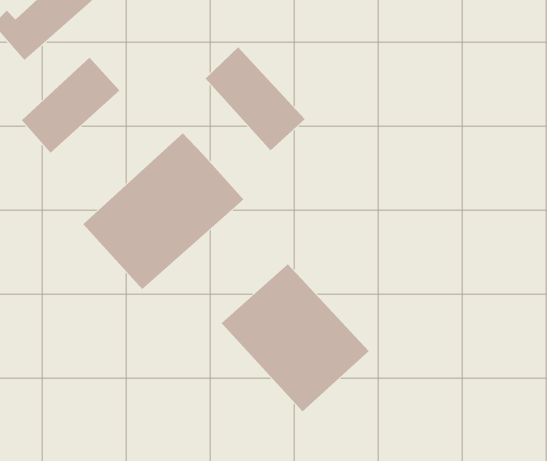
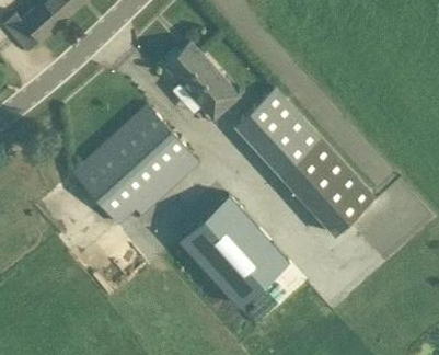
building: [21,57,120,154] -> none
building: none -> [235,87,377,233]

